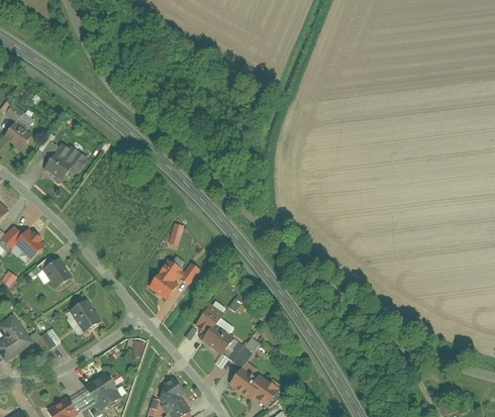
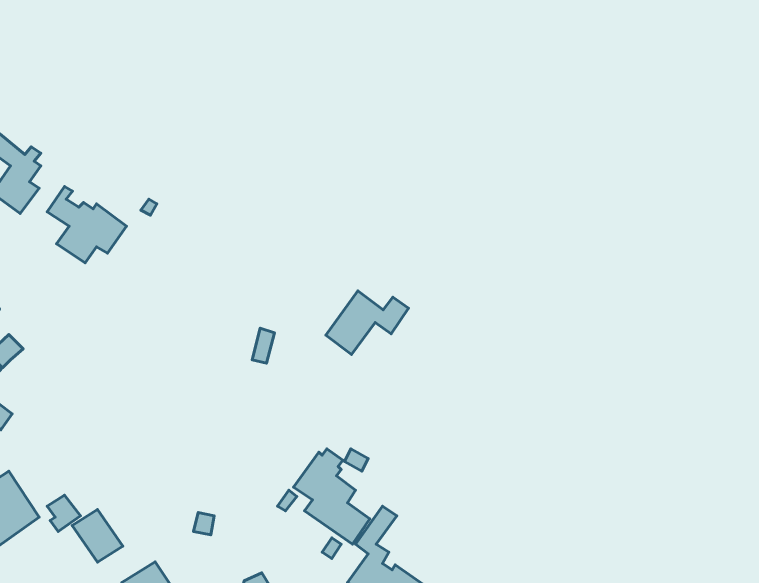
building: [14,230,44,259] -> none
building: [147,258,200,299] -> [326,291,409,354]
building: [39,259,70,291] -> none
building: [70,300,102,333] -> [72,510,123,562]

